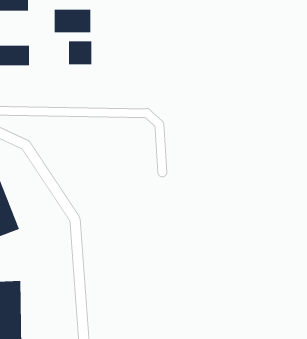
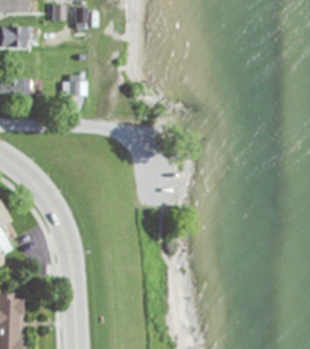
building: [54,9,91,33] -> none

